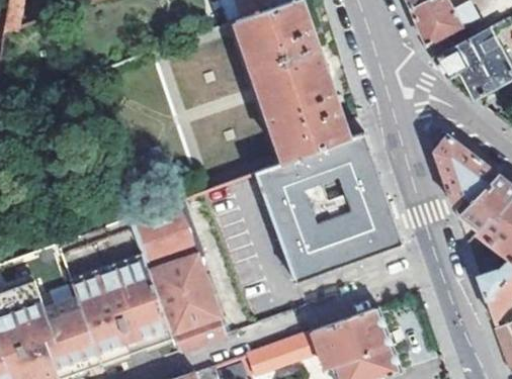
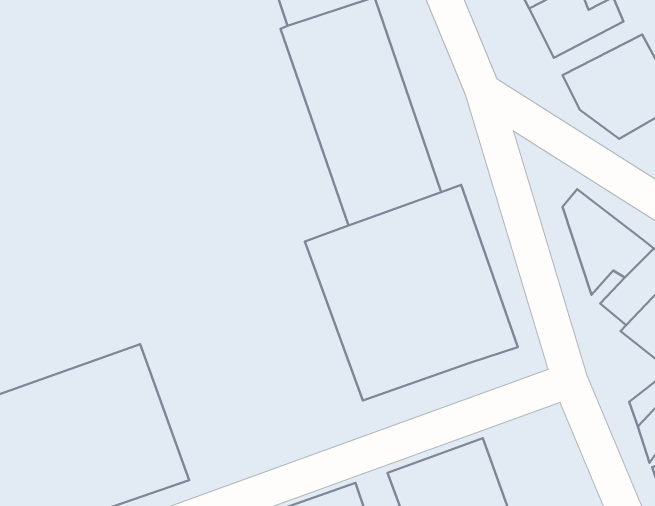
building: [129,197,224,350] -> none

